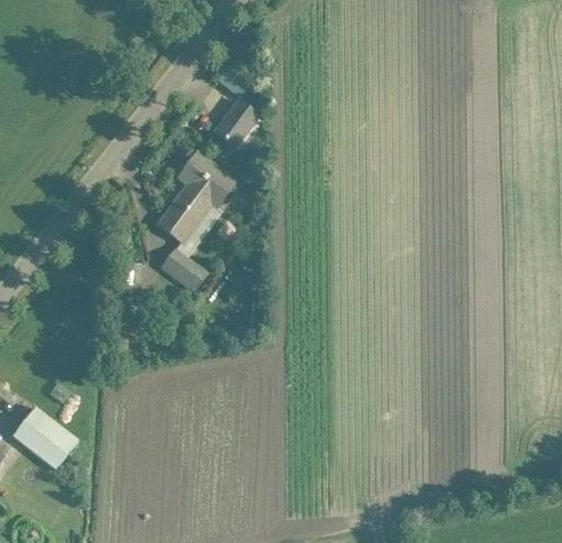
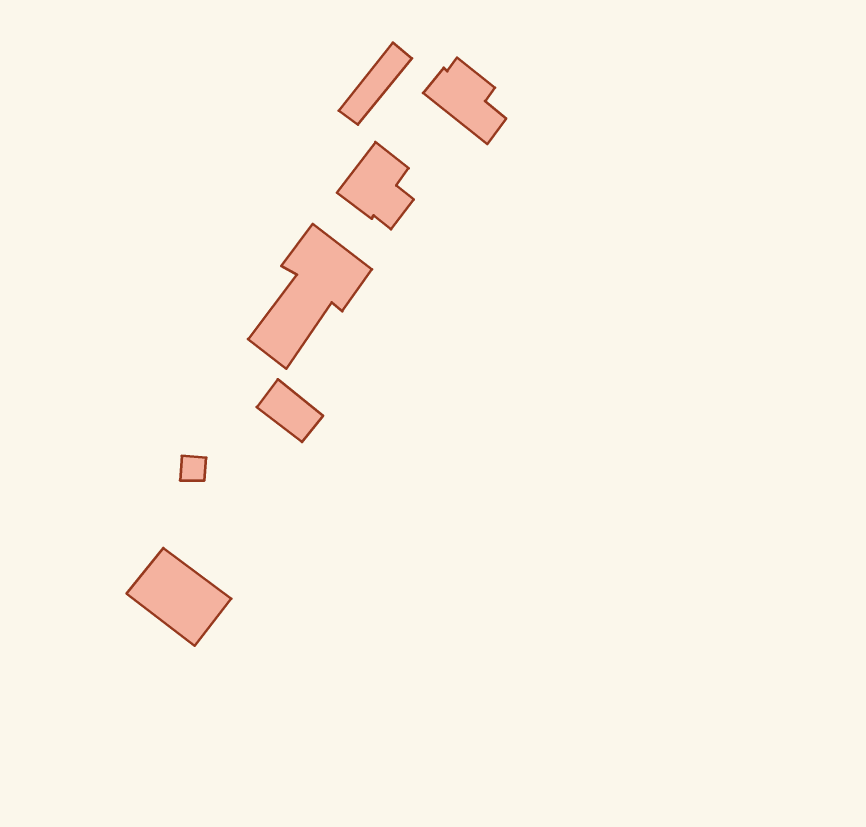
building: none -> [423,58,506,144]
building: [12,408,78,470] -> [127,548,231,646]

